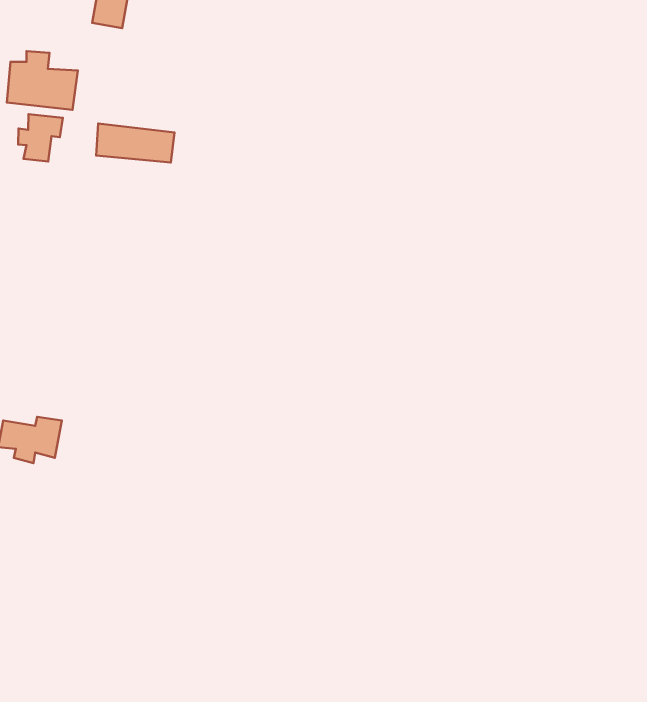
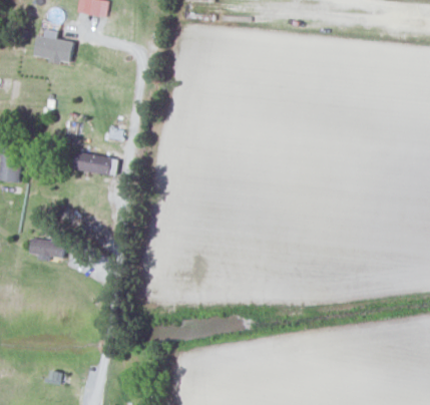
building: [18,114,63,161] -> none
building: [96,123,174,163] -> [74,152,118,174]

